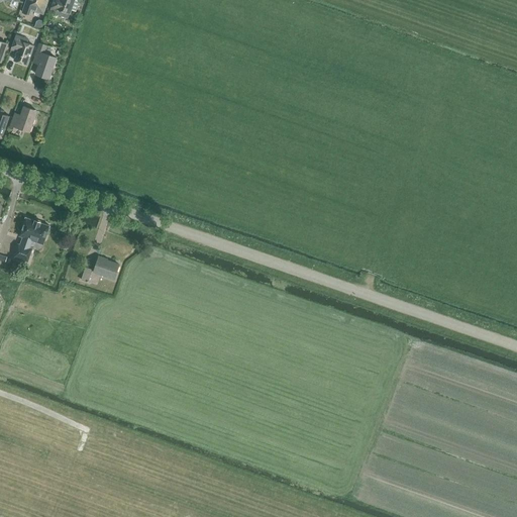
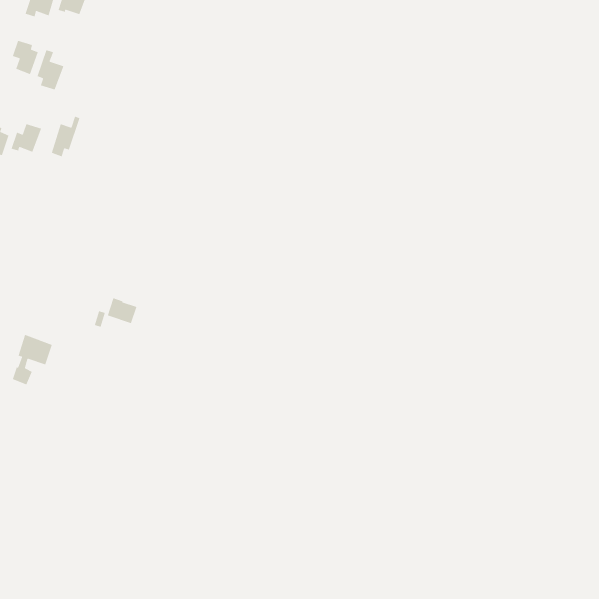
building: none -> [51,115,80,158]
building: [13,216,48,261] -> [12,334,53,385]

